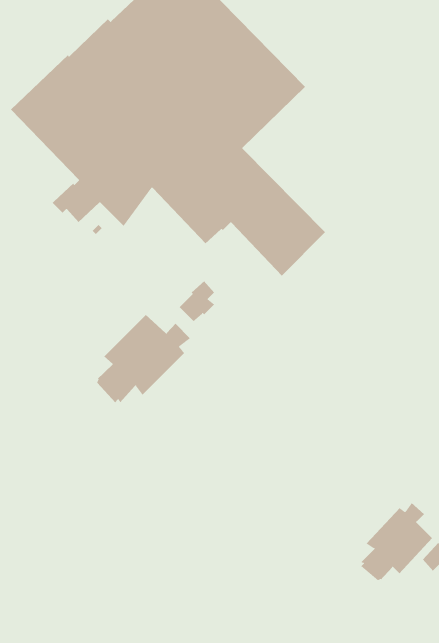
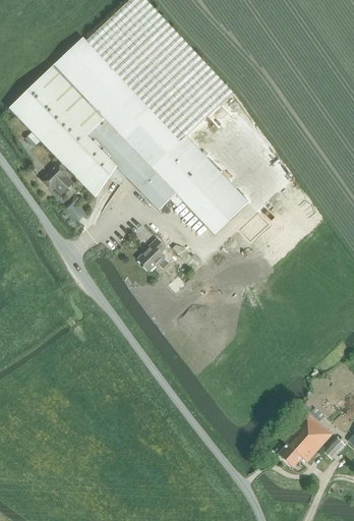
building: [96,314,191,403] -> none

